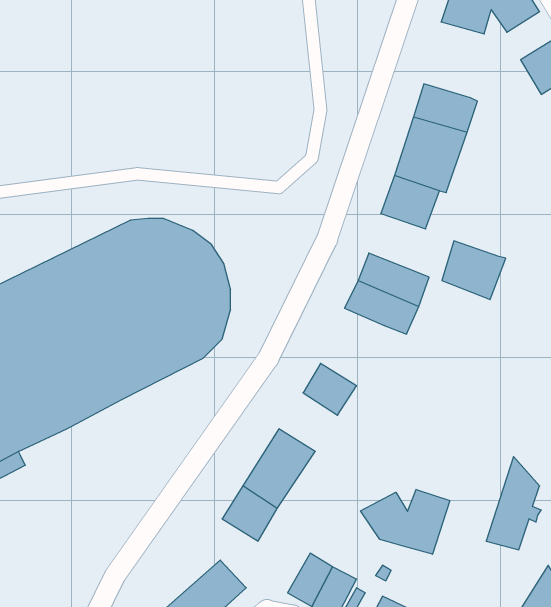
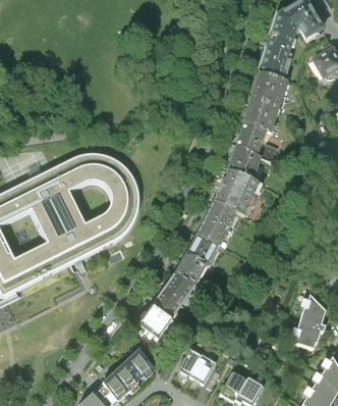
building: none -> [256,36,291,81]
building: [442,241,506,300] -> [223,149,261,184]
building: none -> [194,205,232,251]
building: none -> [170,255,205,290]
building: [361,489,450,554] -> none

